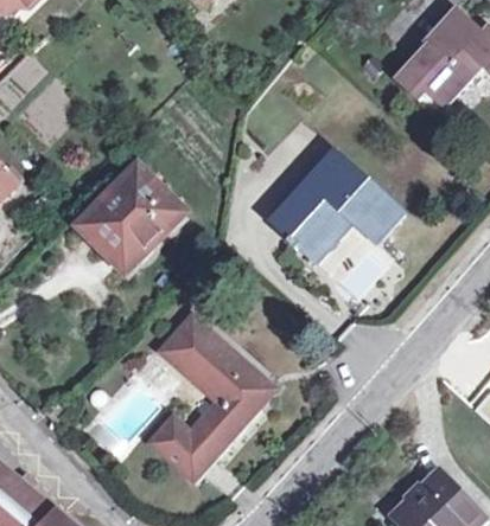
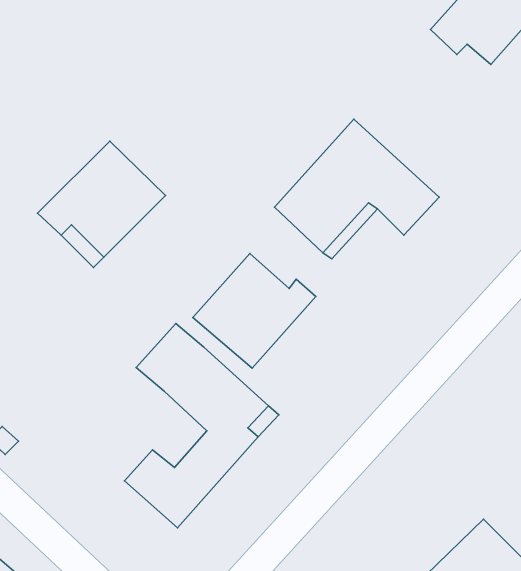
building: none -> [193,254,316,368]

